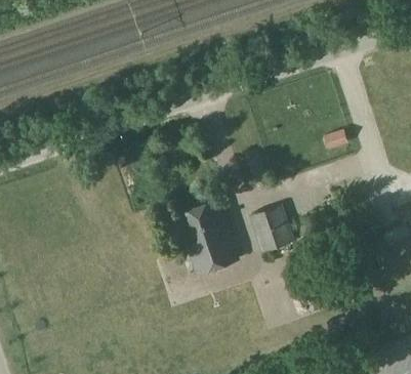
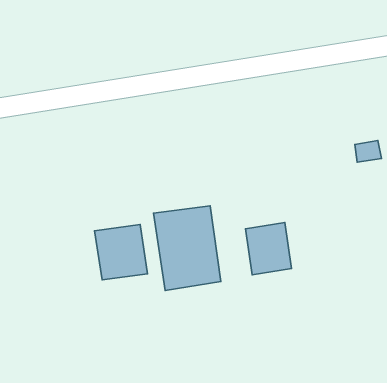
building: none -> [95,225,148,280]

